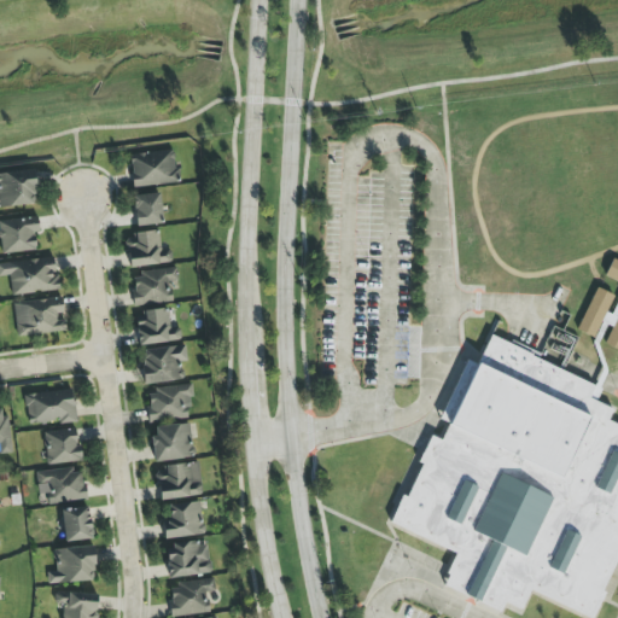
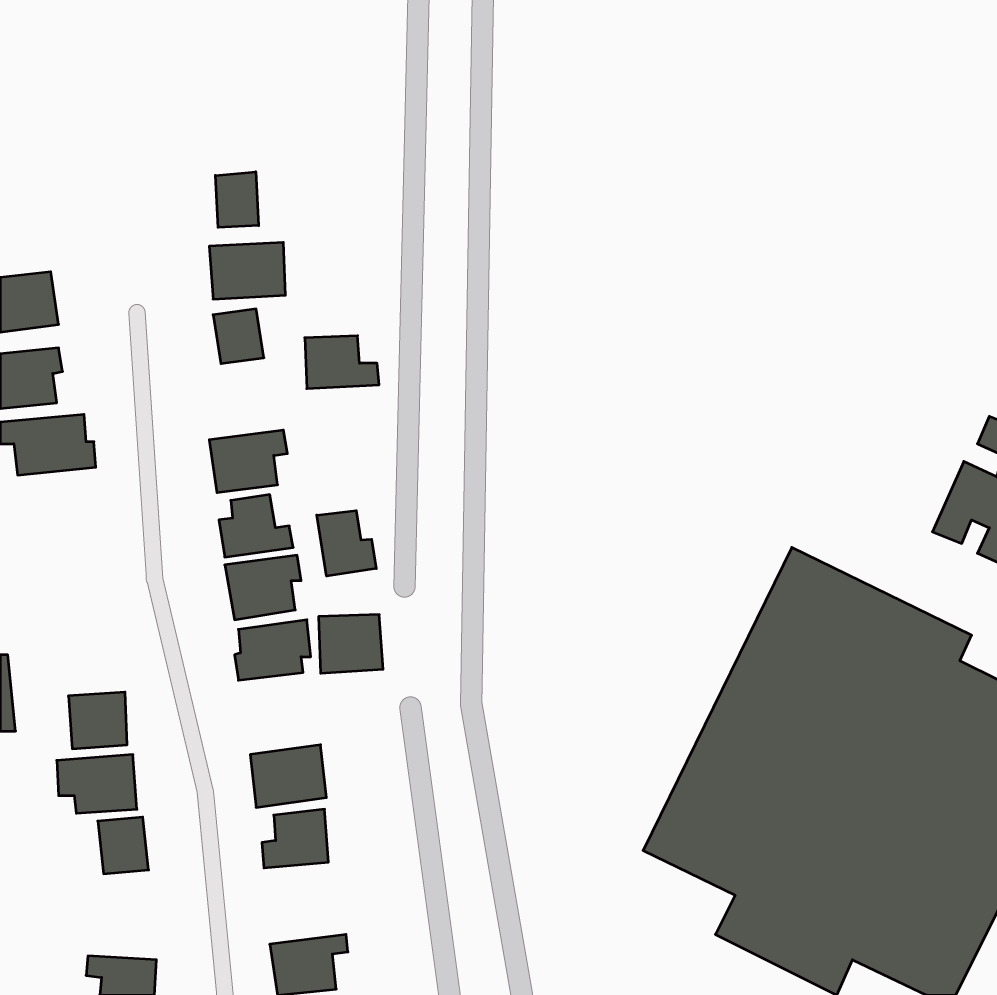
building: none -> [215,172,259,227]
building: [127,232,173,264] -> [305,336,379,389]
building: [13,296,66,336] -> none
building: none -> [317,511,376,576]
building: [24,387,77,422] -> none
building: [153,422,193,459] -> [319,615,383,673]
building: [168,540,210,575] -> none
building: [48,544,95,582] -> none

